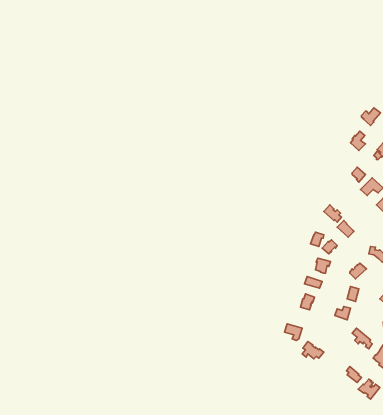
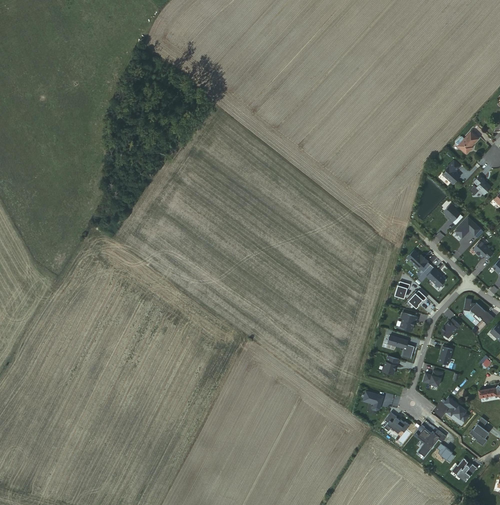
building: none -> [417,429,446,457]

